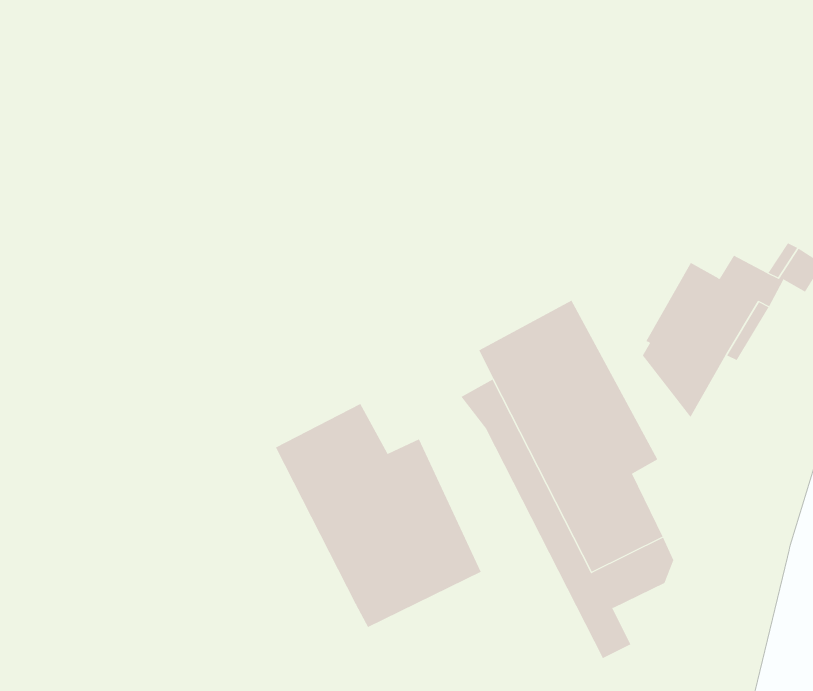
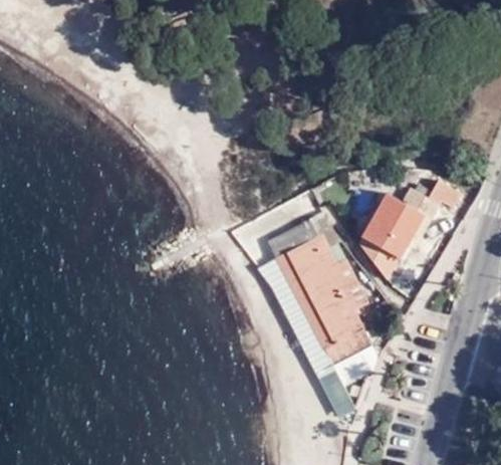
building: [275,403,481,628] -> none

